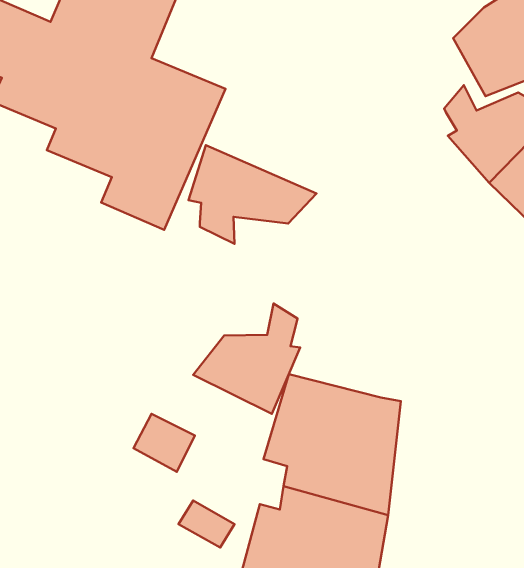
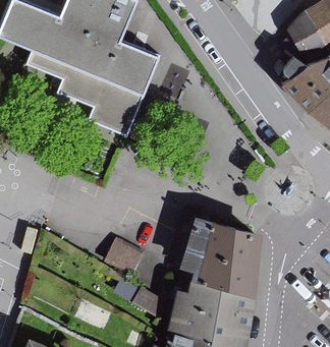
building: [188,145,316,244] -> none
building: [193,304,300,414] -> none

